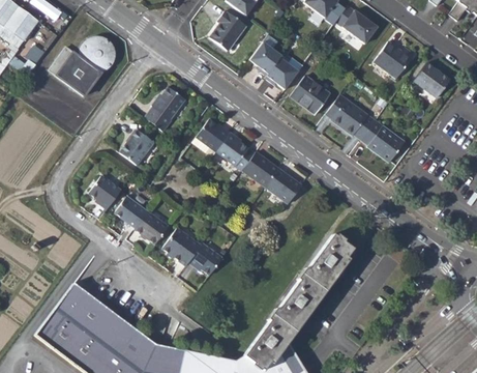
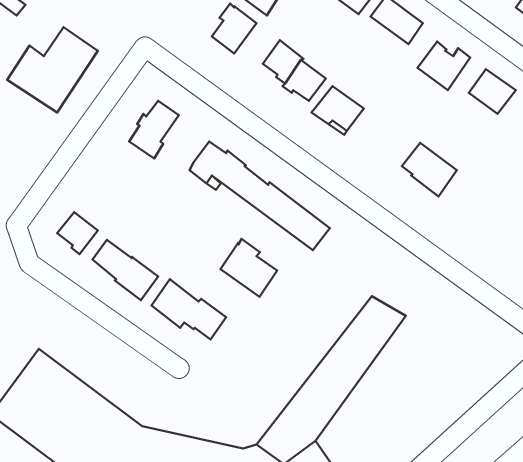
building: [325,93,375,138] -> none
building: [119,127,153,164] -> none
building: none -> [220,239,277,297]

